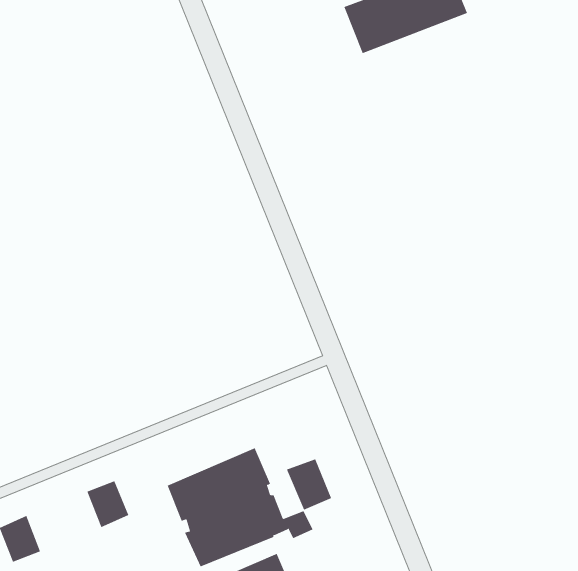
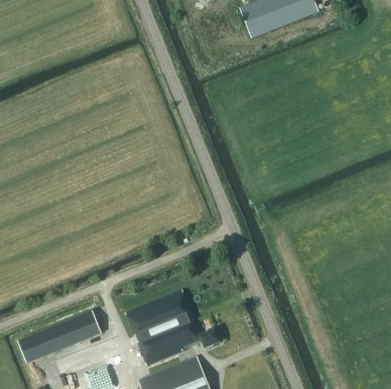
building: [286,458,332,511] -> none
building: none -> [36,316,84,355]

